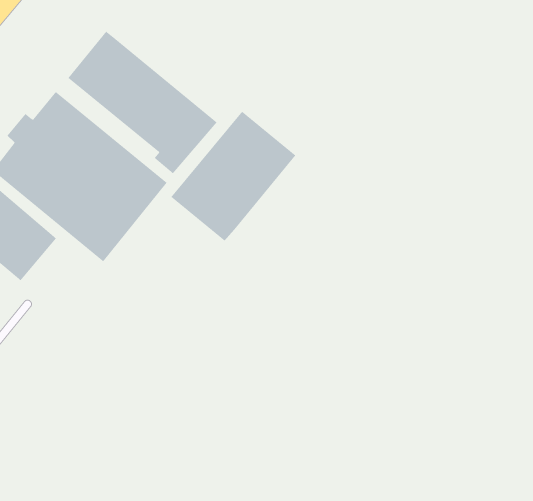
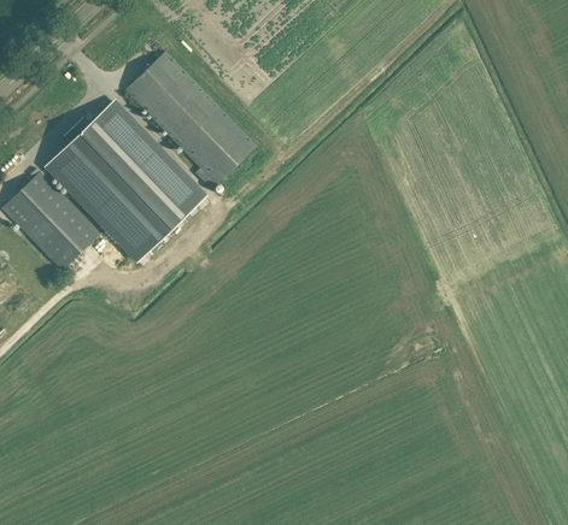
building: [170,111,296,242] -> none

